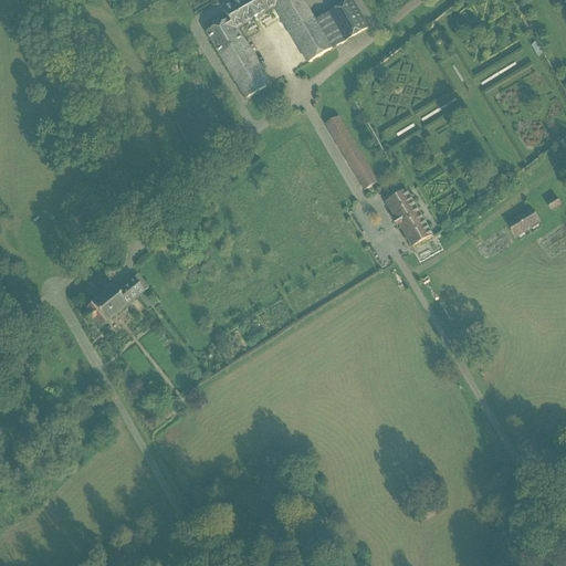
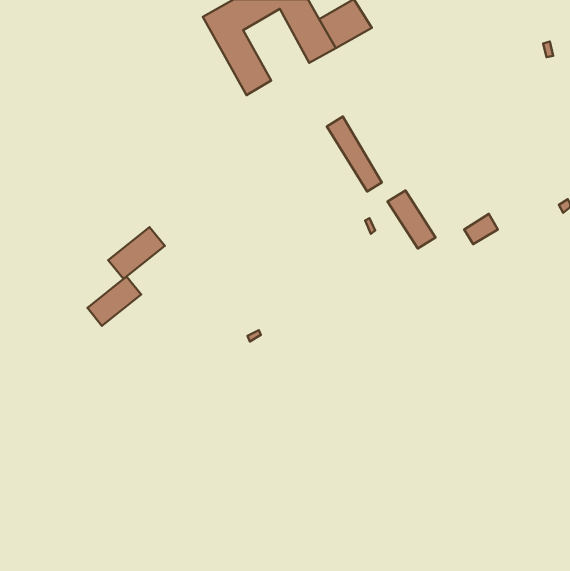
building: [506,207,539,237] -> [464,214,498,244]
building: none -> [108,227,165,279]

